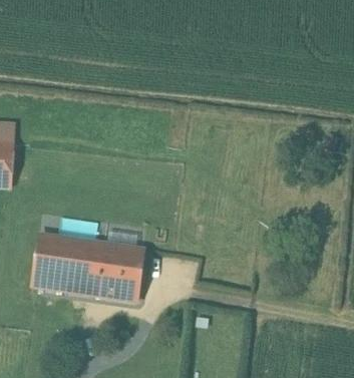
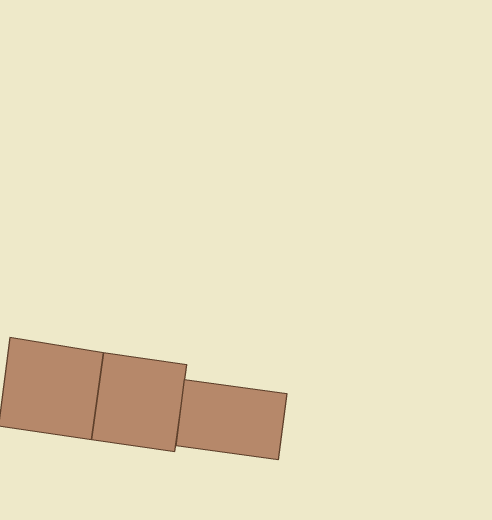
building: none -> [176,380,287,460]

